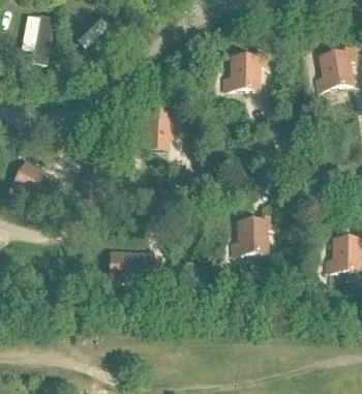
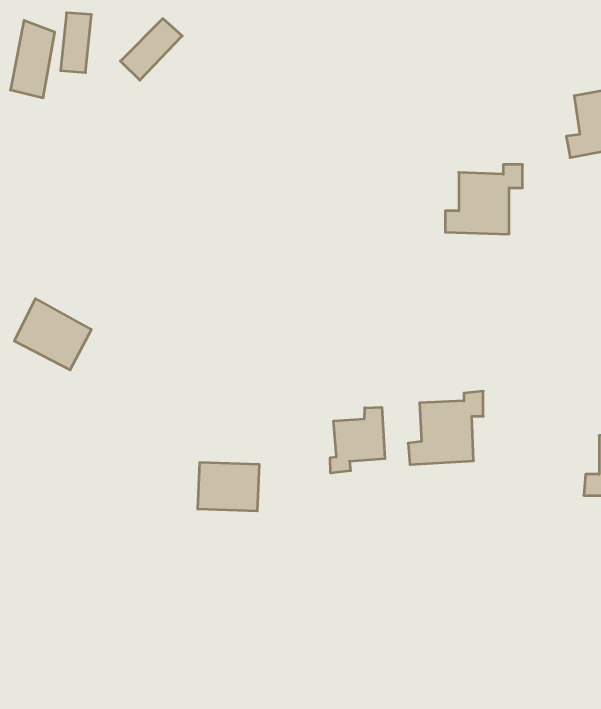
building: [224,53,266,90] -> [445,165,523,234]
building: [142,110,174,149] -> none
building: none -> [330,407,385,473]

